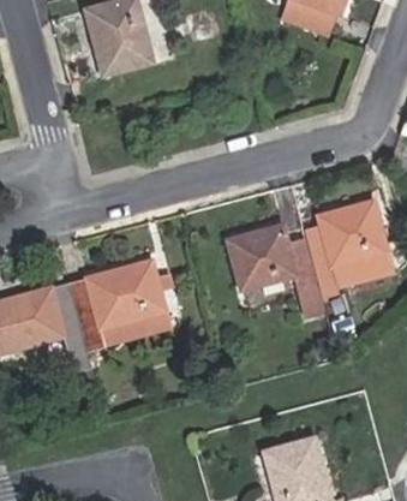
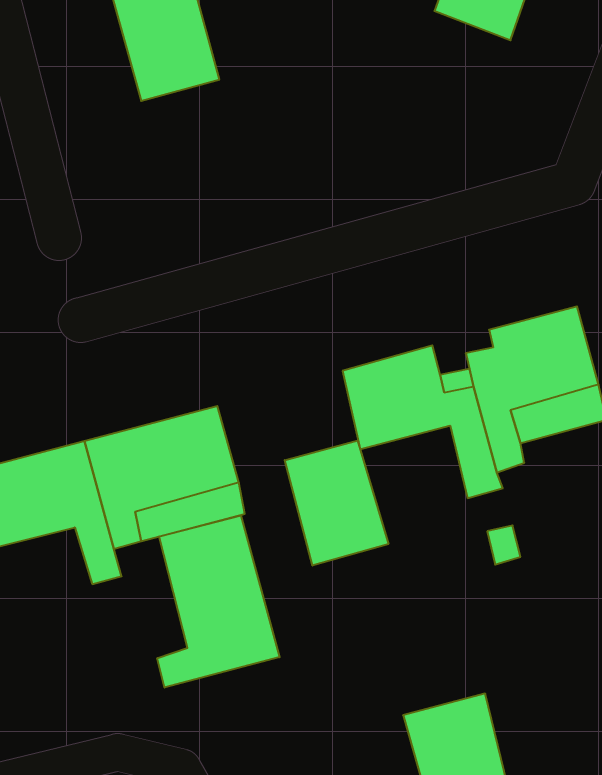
building: none -> [285,441,388,566]
building: none -> [157,515,280,688]

